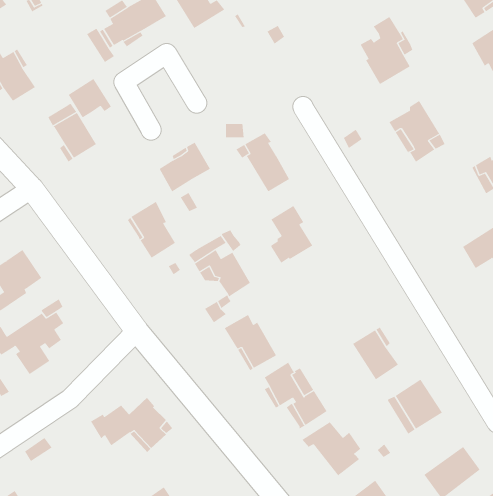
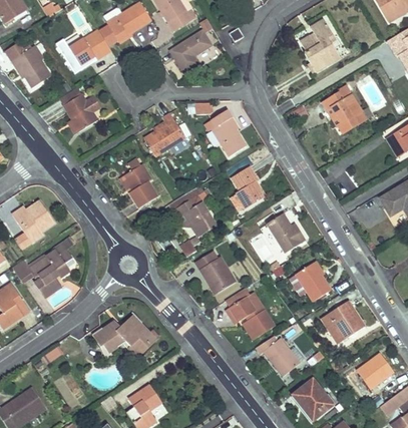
building: none -> [170,30,212,71]
building: [68,78,112,118] -> [69,34,103,65]
building: none -> [261,213,306,253]

